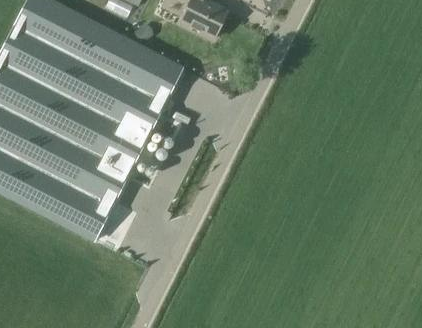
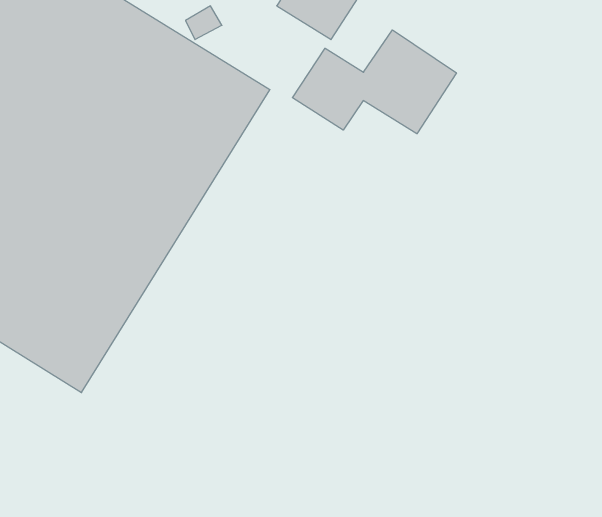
building: none -> [292,30,456,134]

